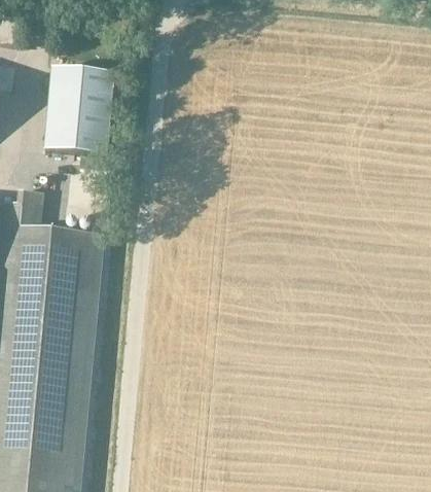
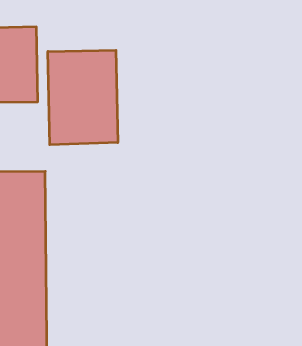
building: none -> [48,50,118,145]

